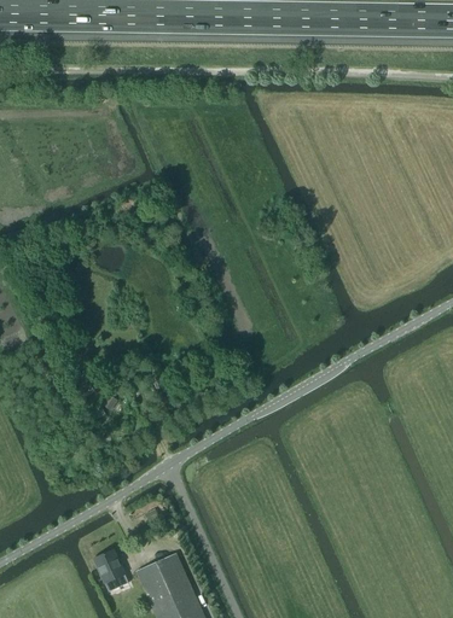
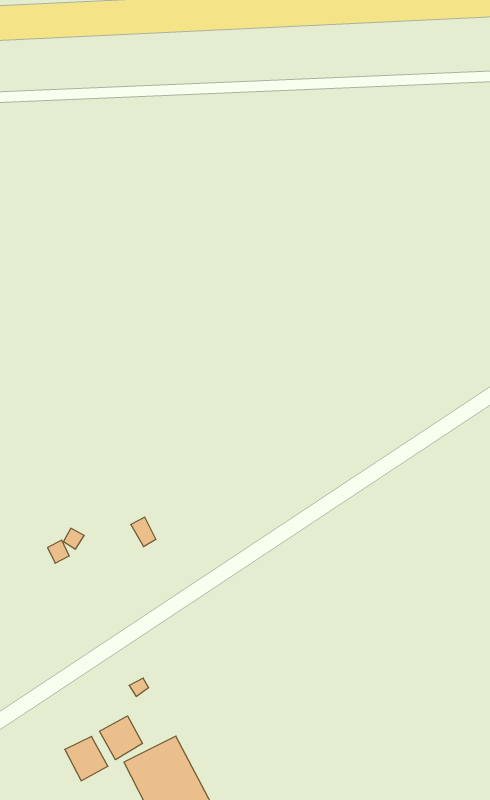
building: none -> [99,716,142,760]

